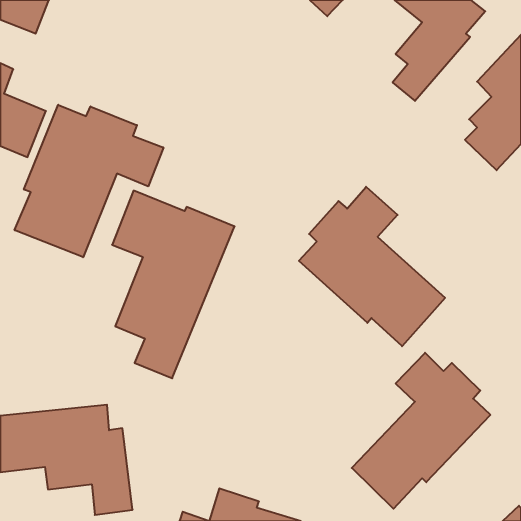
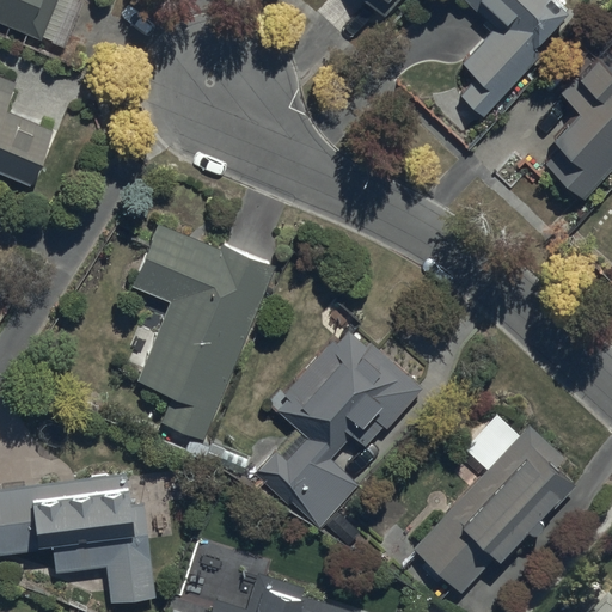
building: [15,105,163,257] -> none
building: [299,187,445,346] -> none
building: none -> [251,331,424,534]

